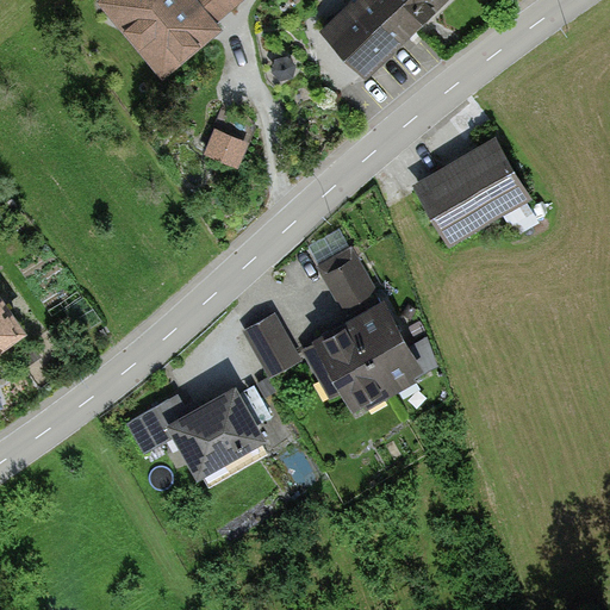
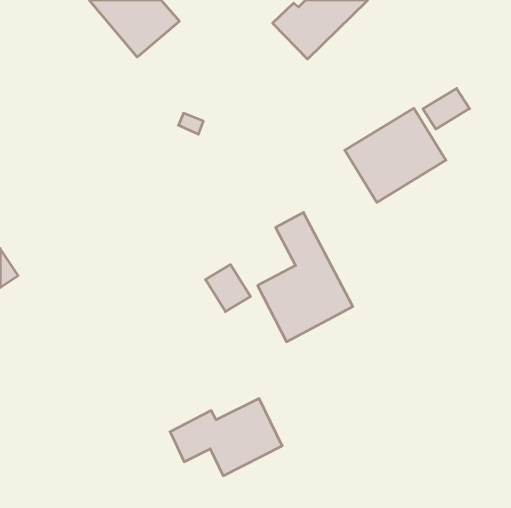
building: none -> [423,88,470,129]
building: [130,387,263,479] -> [170,399,282,476]

